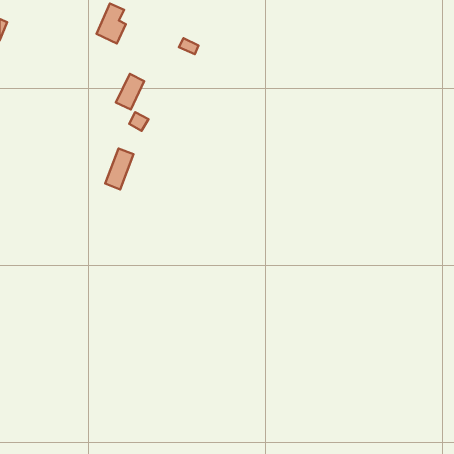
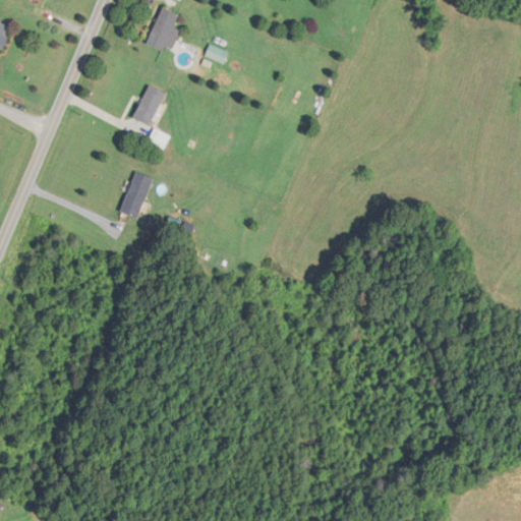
building: [97,4,126,44] -> [147,7,180,53]

